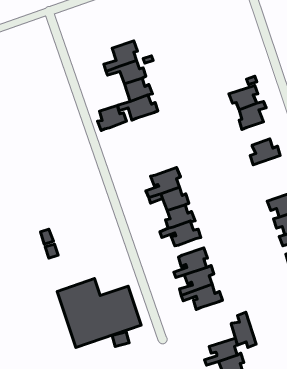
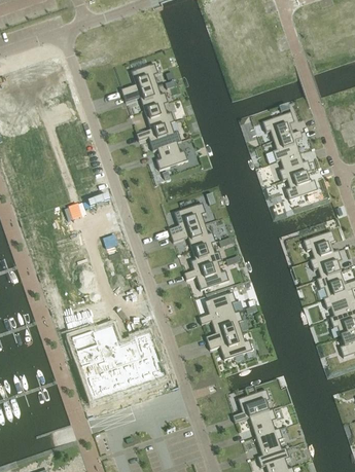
building: [97,105,126,131] -> [156,143,188,171]
building: none -> [278,153,310,180]
building: [231,312,256,347] -> none

